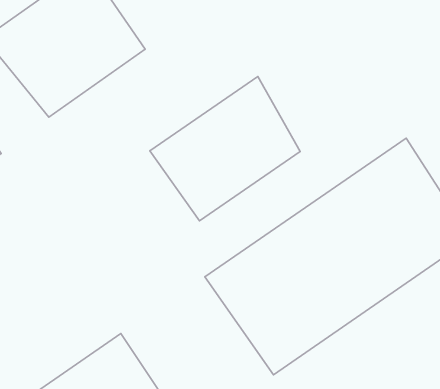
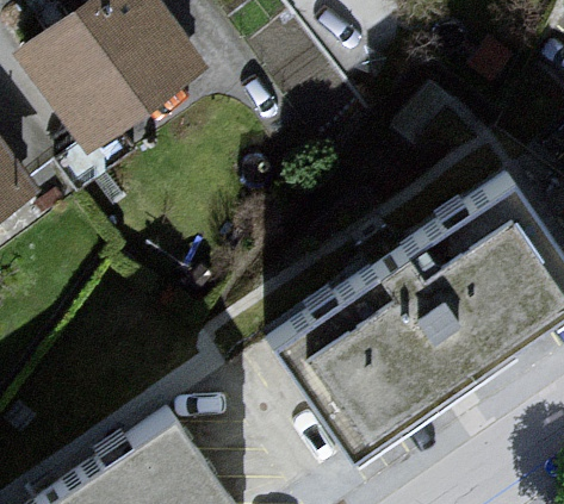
building: [150,77,300,221] -> none

